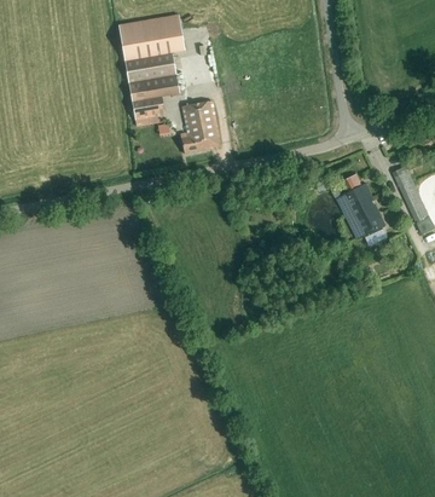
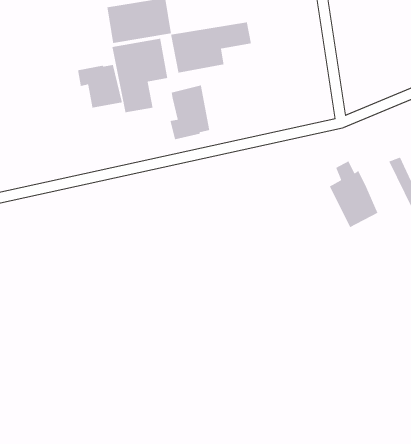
building: none -> [170,21,252,73]
building: none -> [77,64,123,108]

